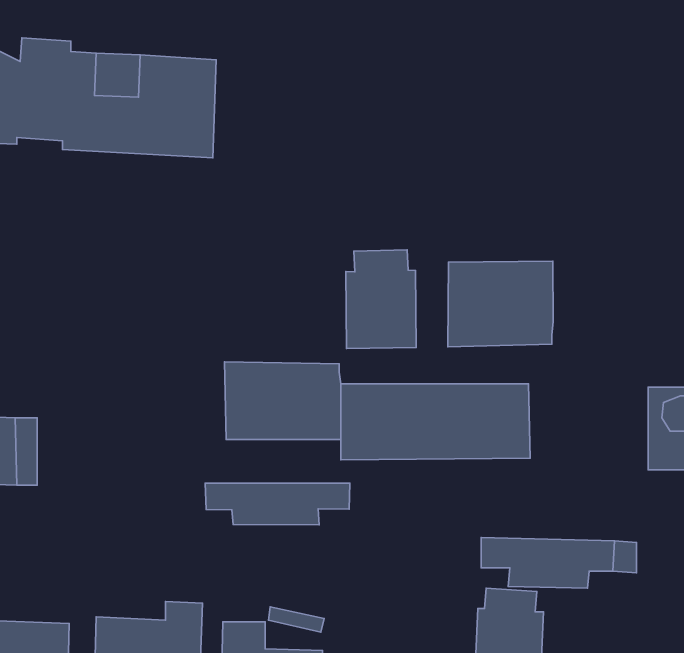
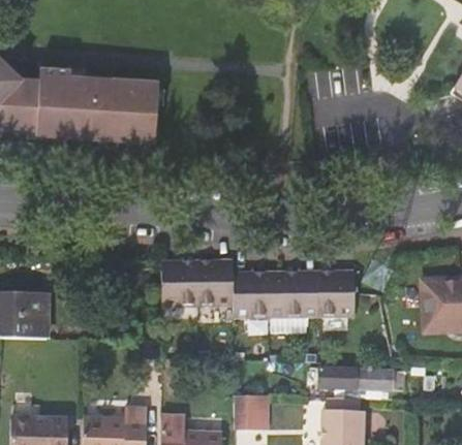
building: [346,250,416,348] -> none
building: [448,261,553,347] -> none
building: [205,483,350,525] -> none
building: none -> [236,396,266,431]

